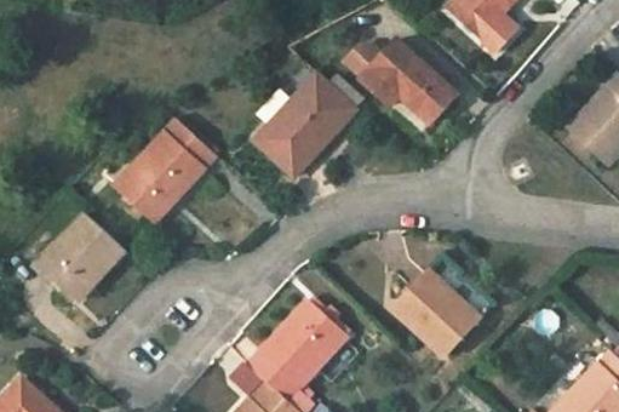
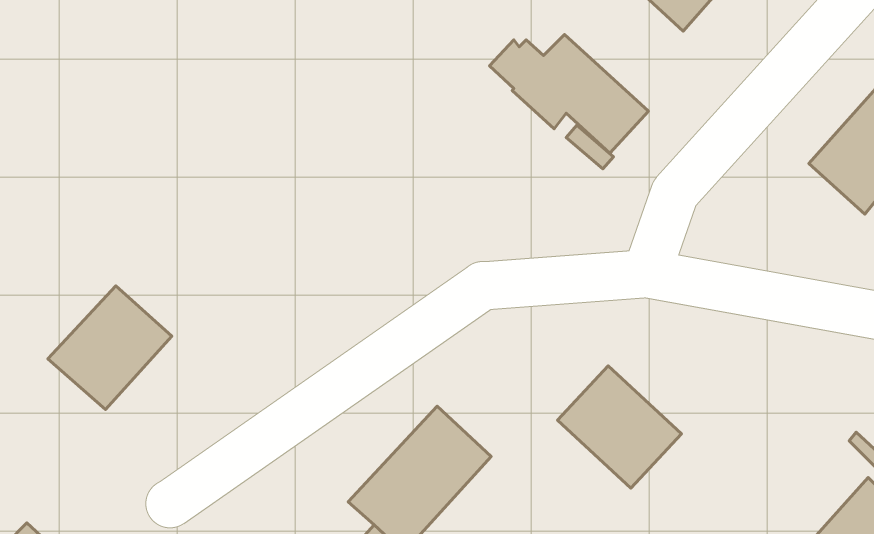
building: [253,73,355,177] -> none
building: [116,119,214,219] -> none

